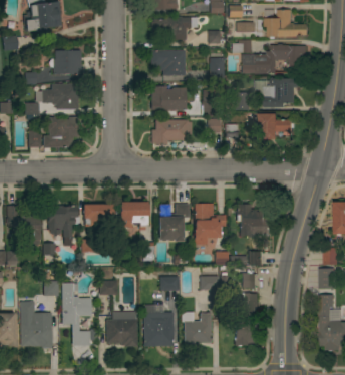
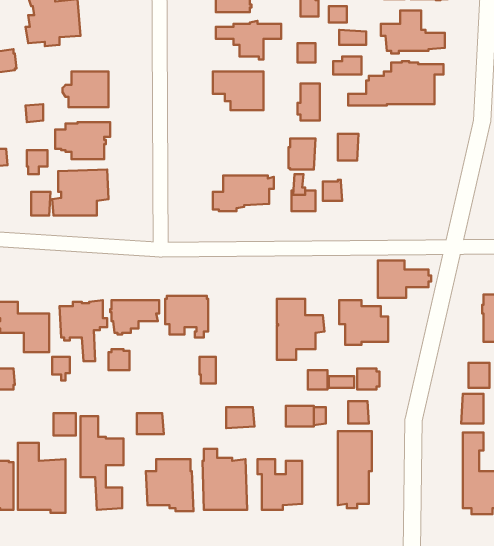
building: [264,77,301,108] -> none
building: [152,86,187,110] -> none
building: [259,113,295,138] -> [378,261,431,298]
building: [159,204,190,242] -> none

